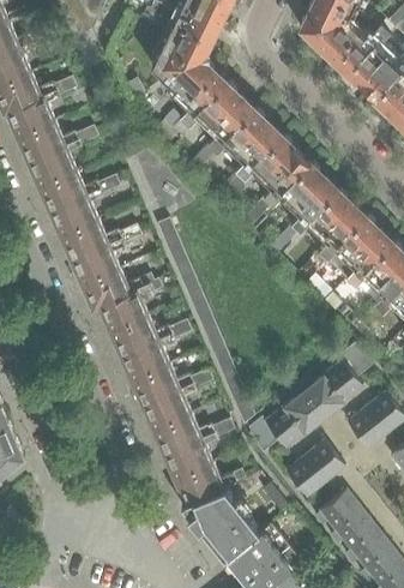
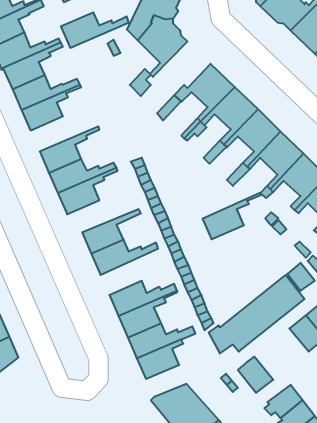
building: [182,80,251,136] -> none
building: [37,169,117,211] -> [61,12,129,48]
building: [80,269,165,310] -> none
building: [120,326,189,382] -> [202,193,261,239]
building: [302,439,344,482] -> none
building: [174,464,245,503] -> none

